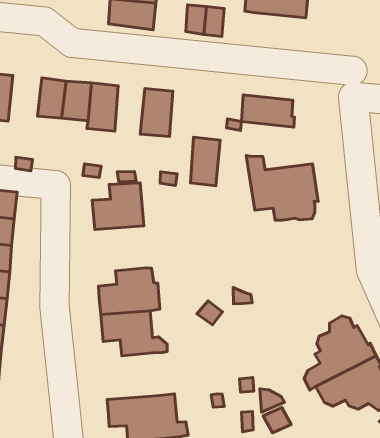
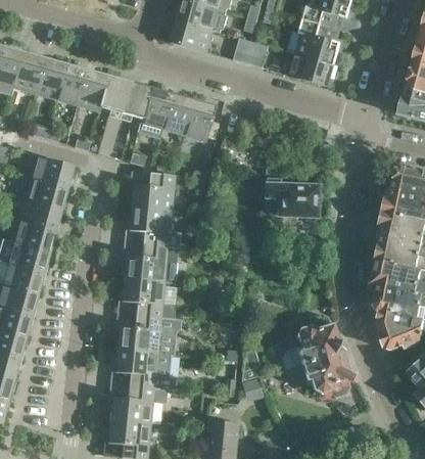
building: none -> [76,70,109,112]
building: [242,95,294,127] -> [289,53,334,87]
building: [190,137,220,186] -> [161,93,192,136]
building: none -> [129,208,172,246]
building: none -> [116,315,180,354]

